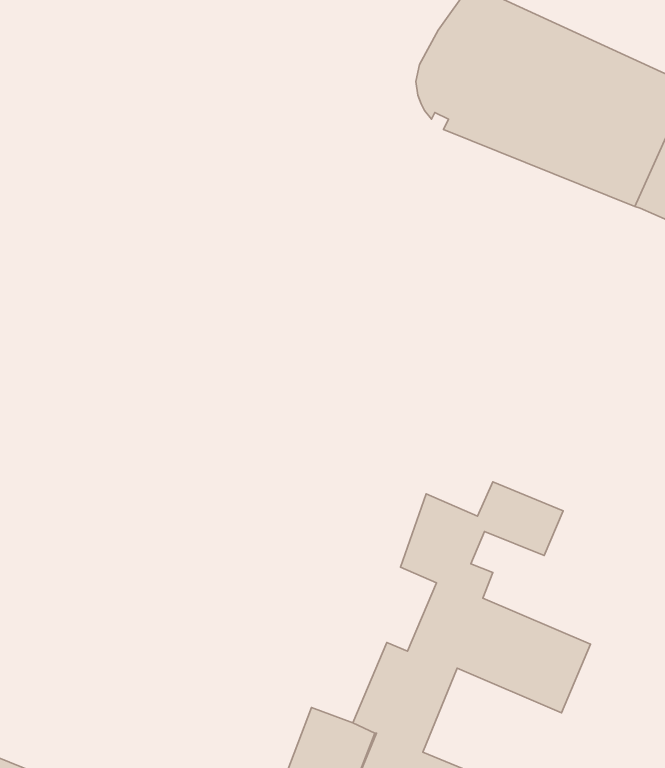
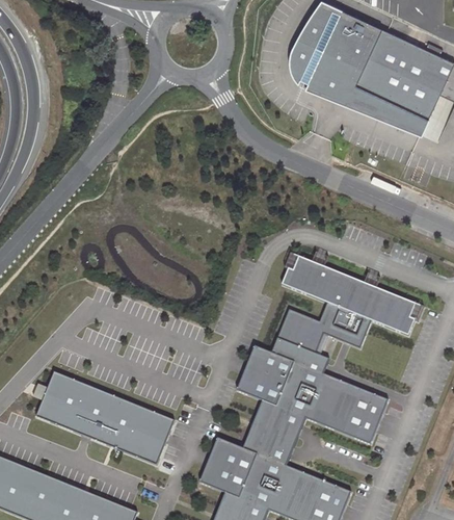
building: none -> [284,254,422,334]
building: none -> [239,346,295,405]
building: none -> [35,376,171,465]

